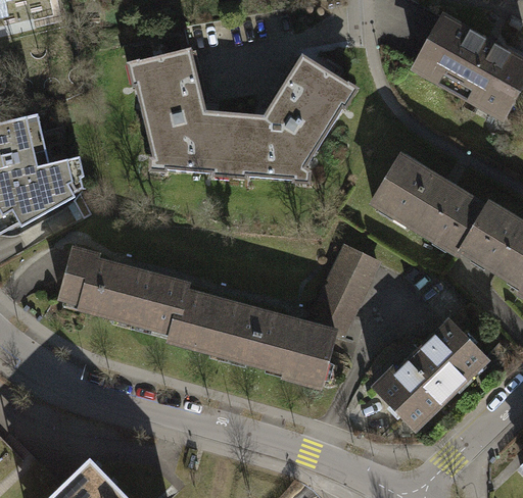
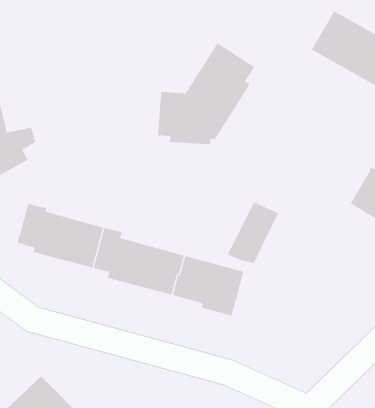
building: [136,49,234,172] -> none
building: [373,157,486,254] -> none
building: [375,321,485,424] -> none

